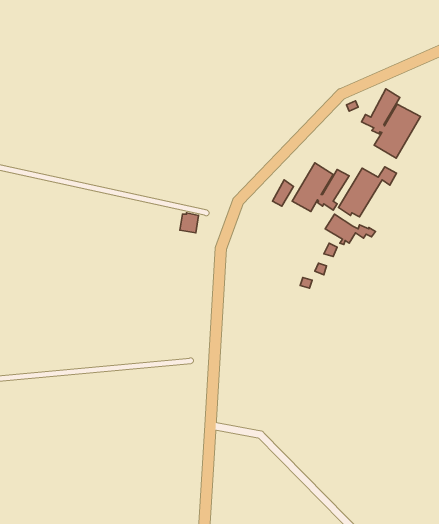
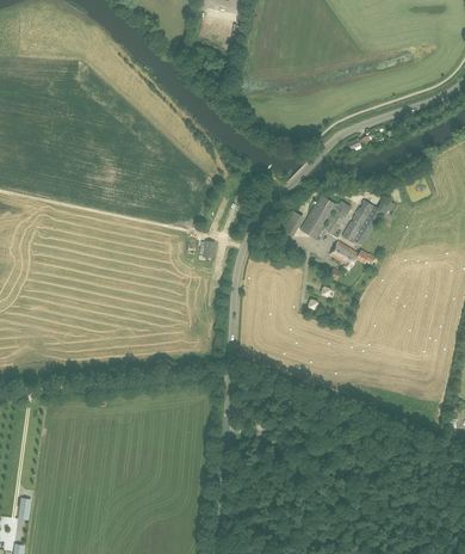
building: [361,89,420,158] -> none

